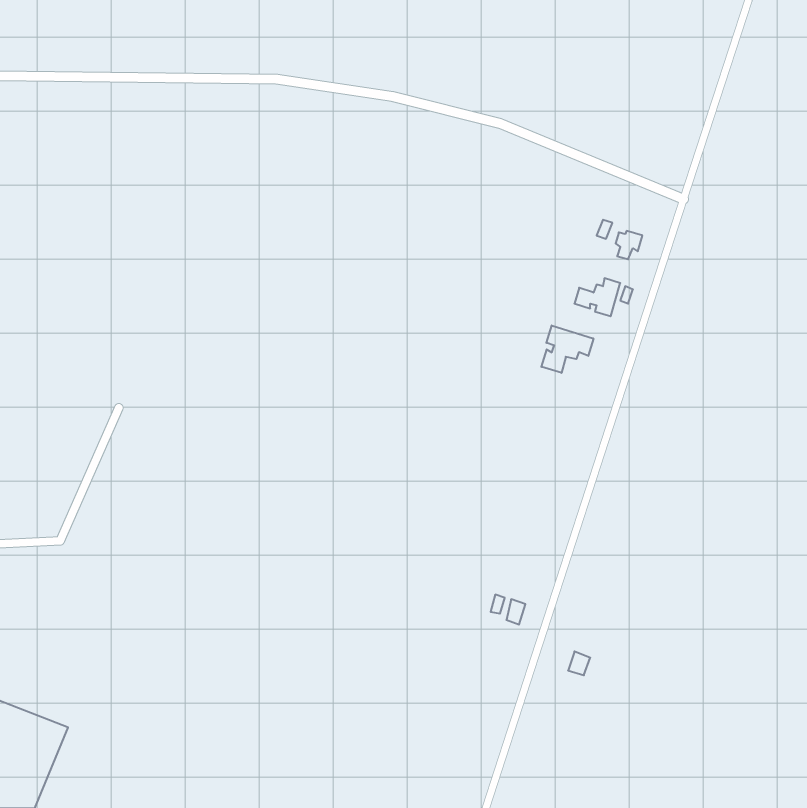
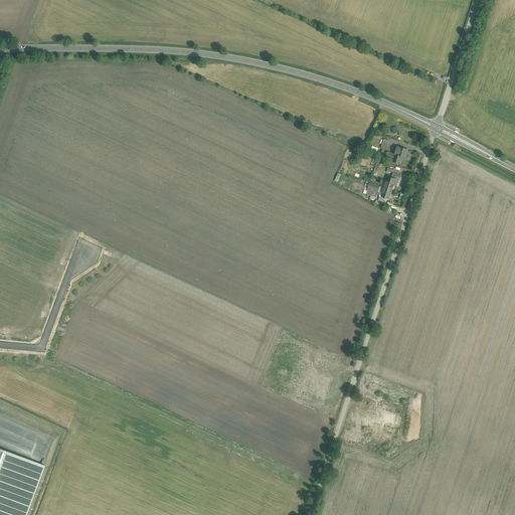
building: [541,325,593,373] -> none

